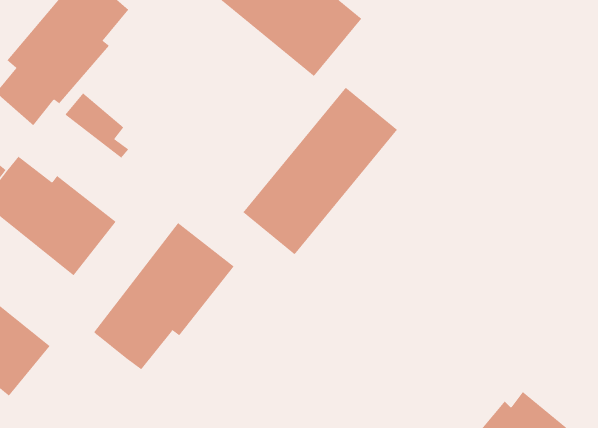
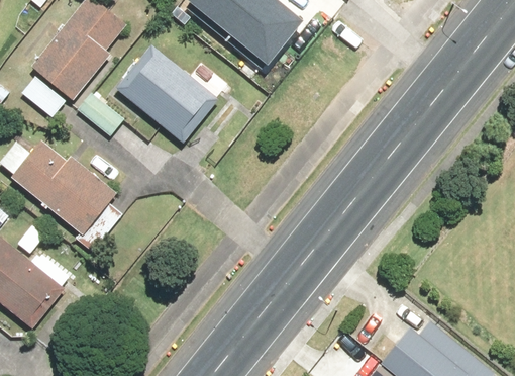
building: none -> [114,40,216,138]
building: [243,87,398,255] -> none
building: [93,222,234,370] -> none

